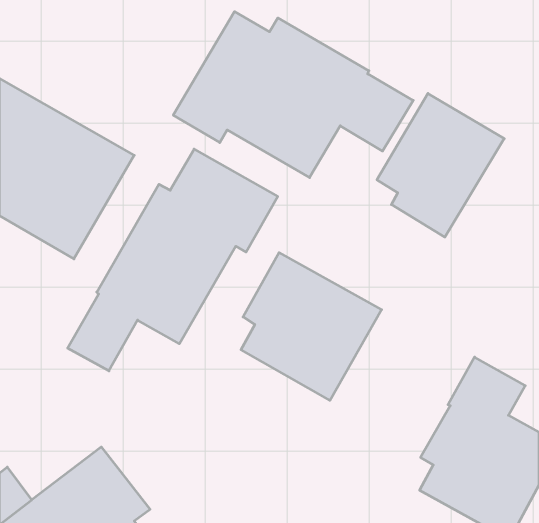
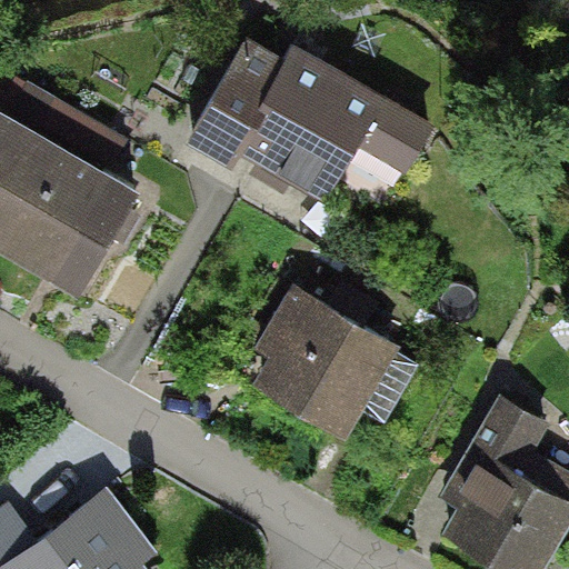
building: [377,93,504,237] -> none
building: [68,149,278,371] -> none

